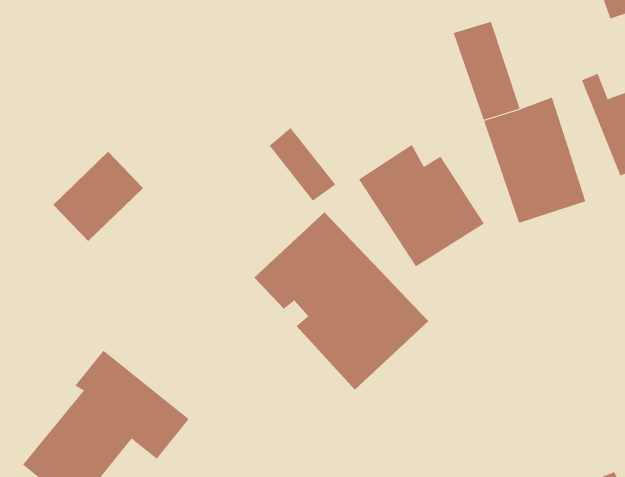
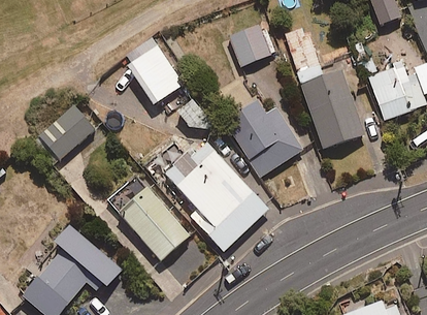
building: none -> [229,24,273,65]
building: none -> [123,38,183,103]
building: none -> [107,175,190,260]

